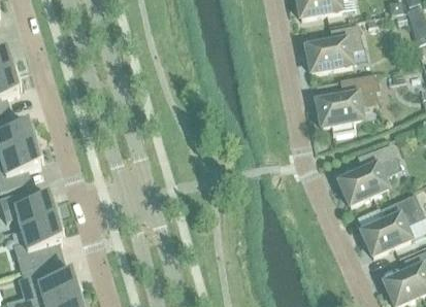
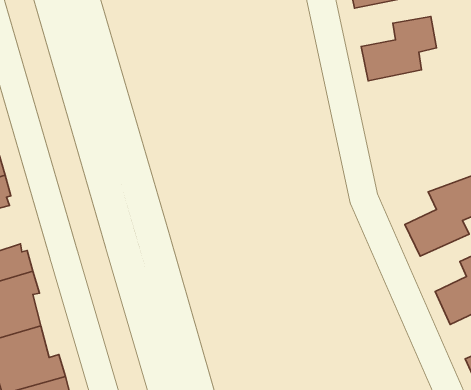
building: [316,73,379,135] -> none

